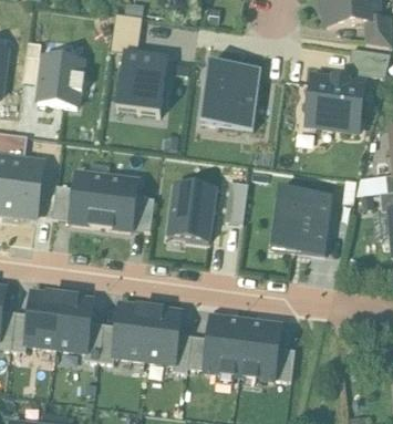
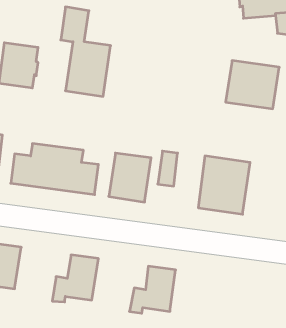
building: [199,65,262,131] -> none
building: [55,297,104,360] -> none
building: [146,310,196,372] -> none
building: [238,323,287,385] -> none

